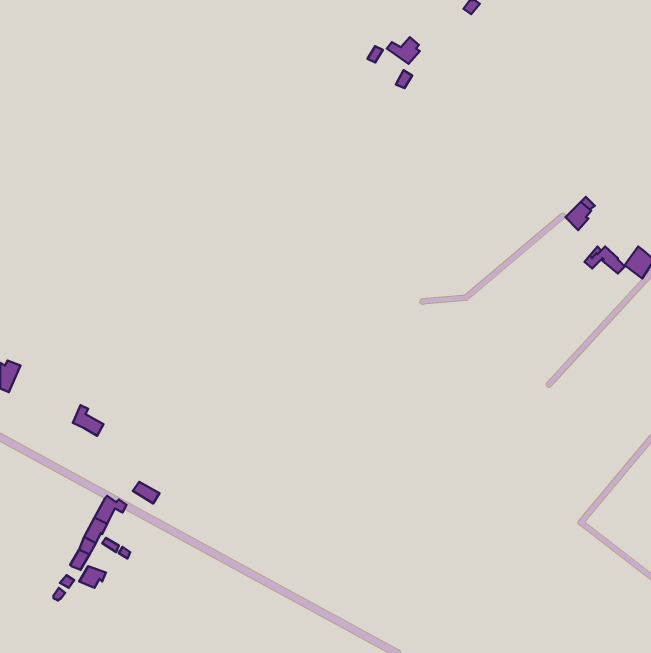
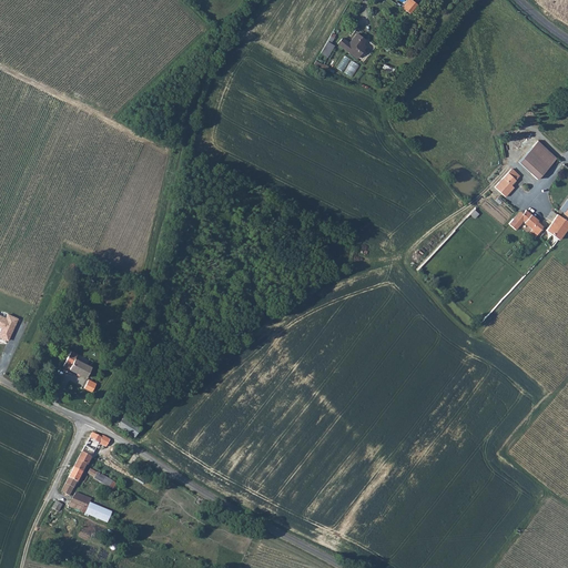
building: none -> [517,143,556,182]

